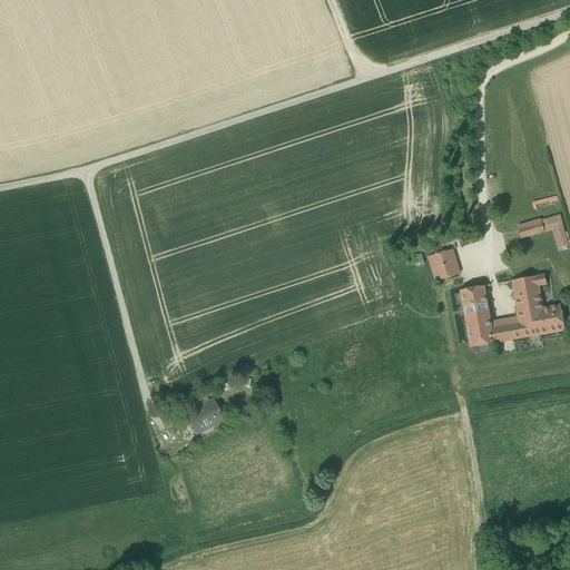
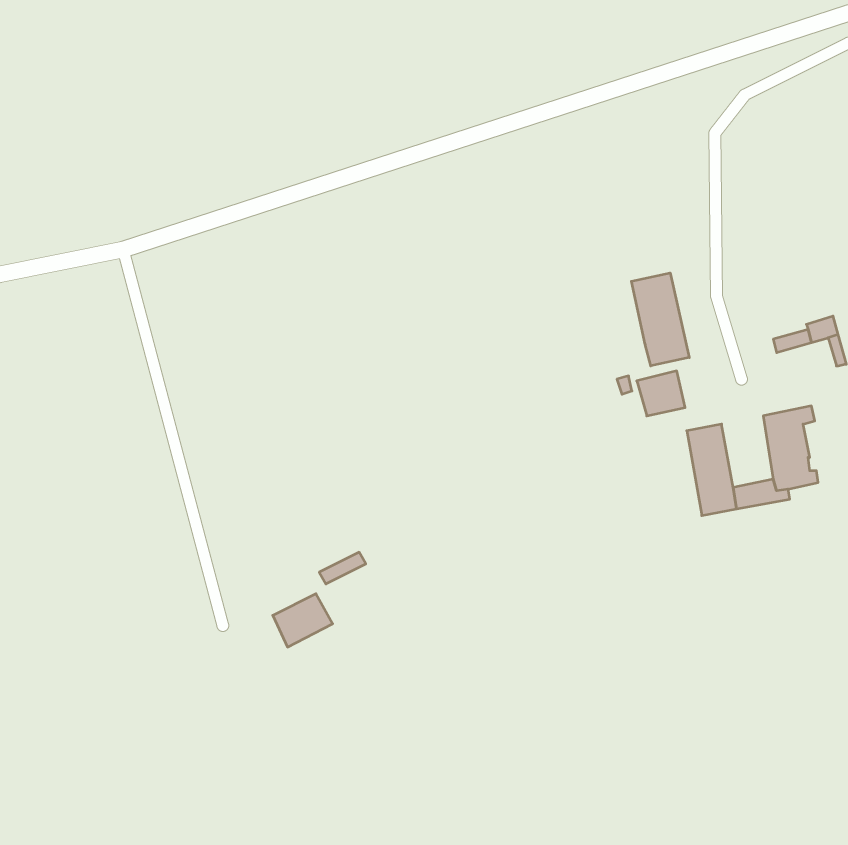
building: none -> [631,273,689,366]
building: [528,303,563,334] -> none

